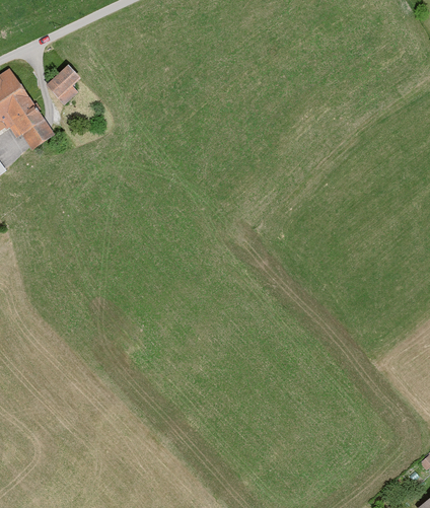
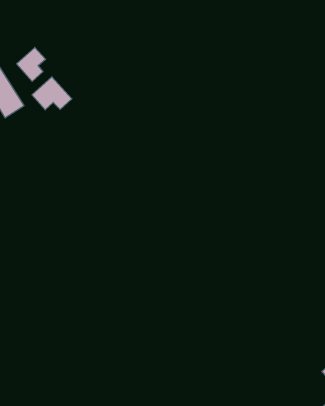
building: none -> [32,77,72,110]

